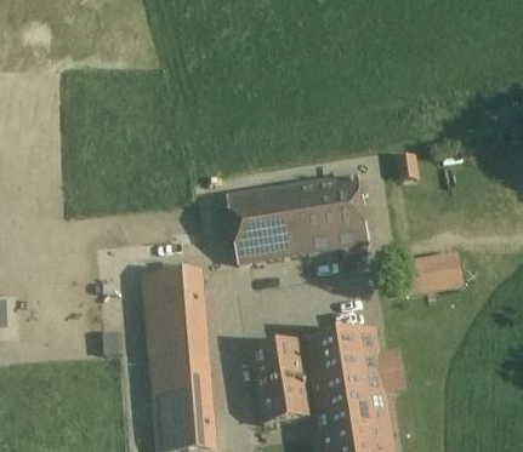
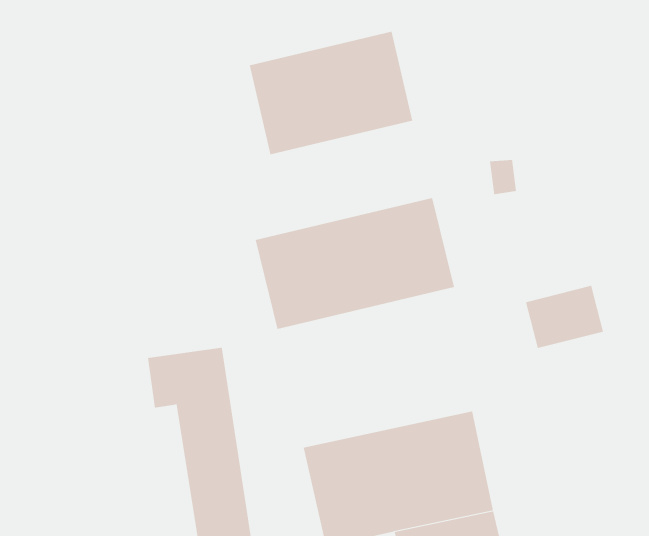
building: none -> [249,31,413,155]

